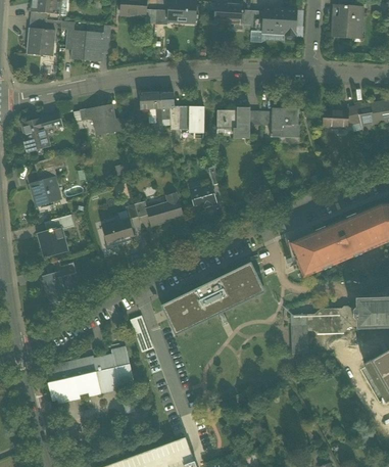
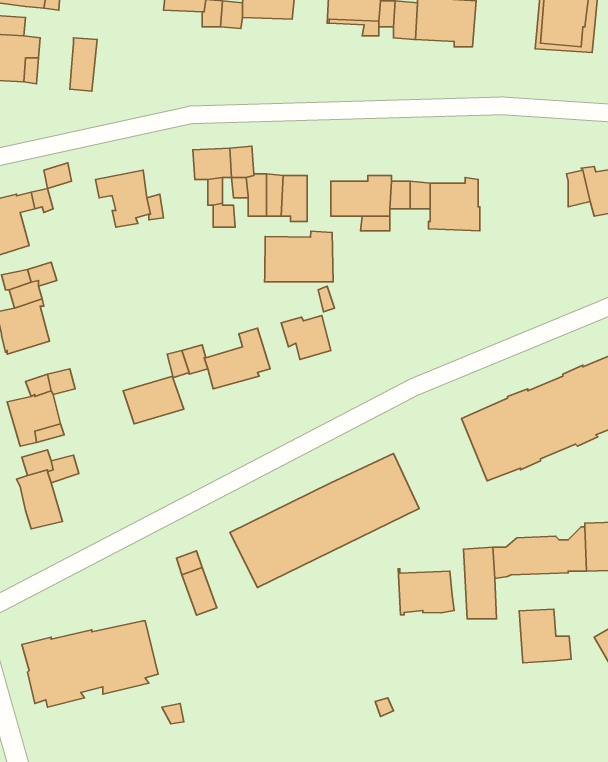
building: [84,32,104,62] -> none
building: [323,108,348,129] -> none
building: none -> [264,231,333,282]
building: none -> [398,569,454,615]
building: [111,347,134,384] -> none
building: none -> [519,609,571,663]

